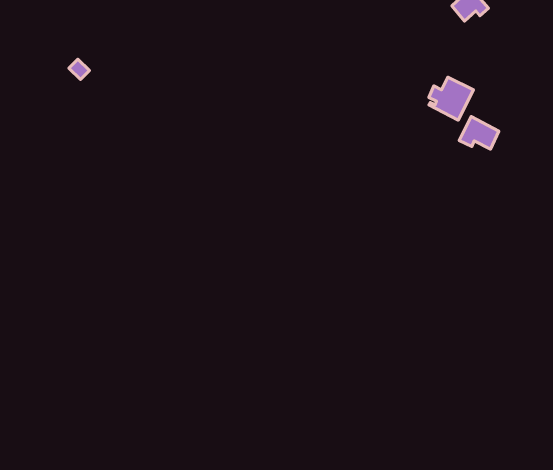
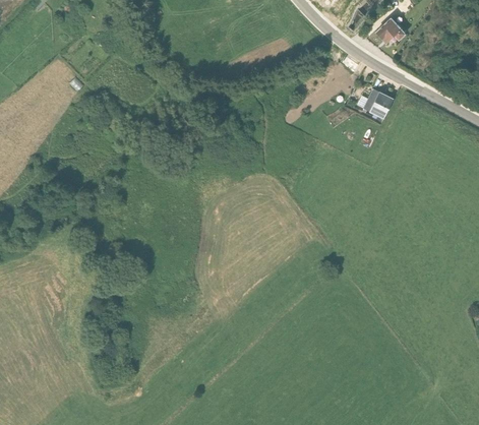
building: [459,116,499,149] -> none

